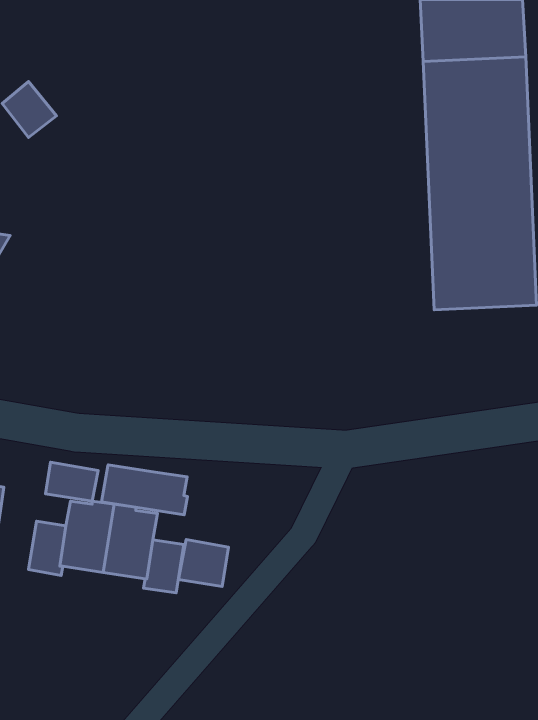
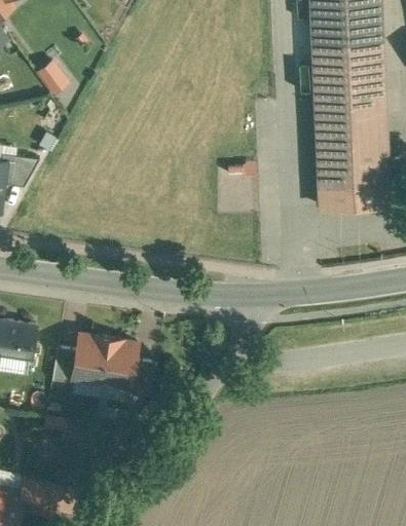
building: [46,462,98,501] -> none
building: [102,465,187,515] -> none
building: [178,539,228,586] -> none

